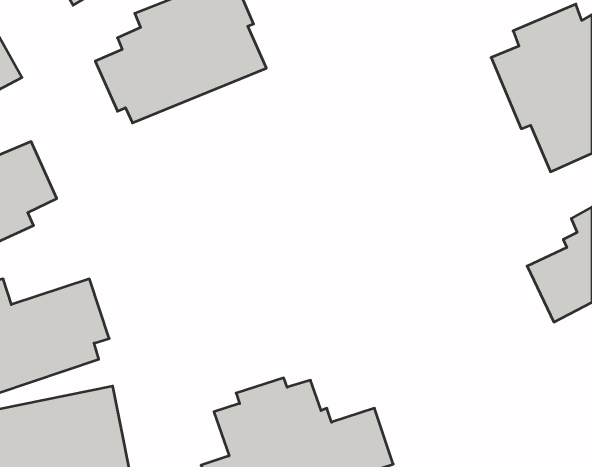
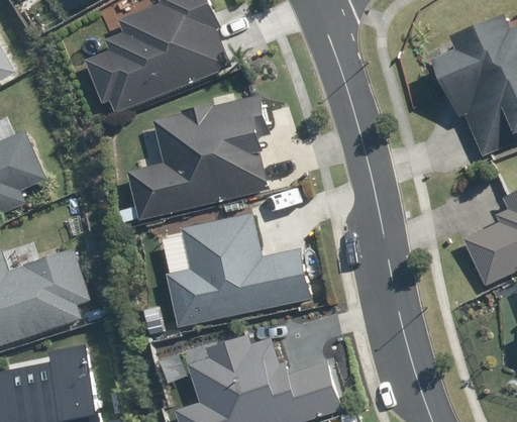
building: none -> [126,94,270,220]
building: none -> [165,213,309,328]

